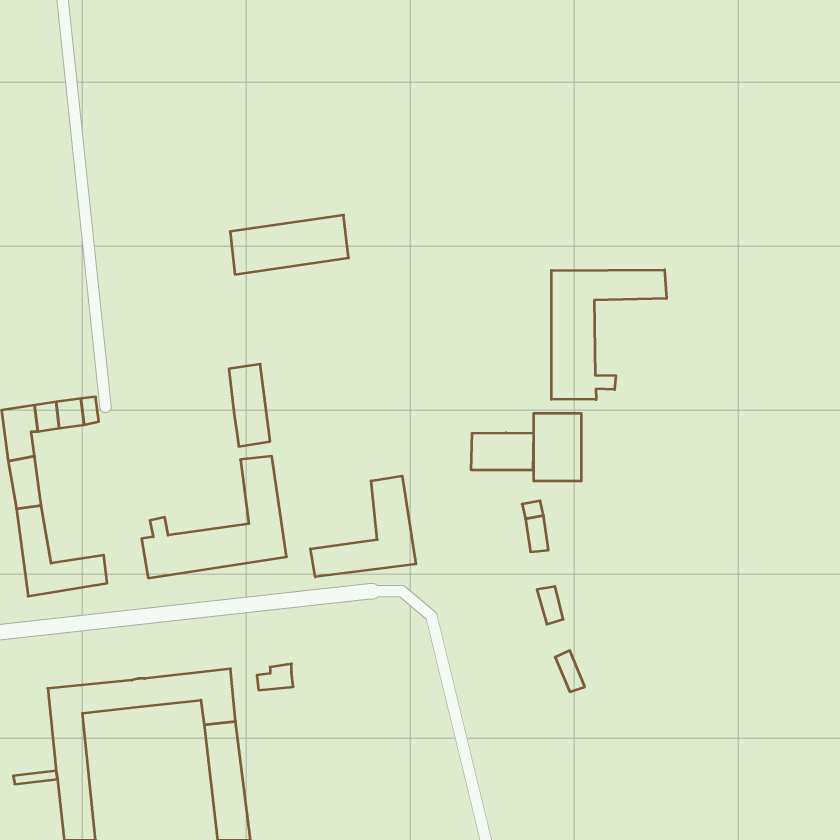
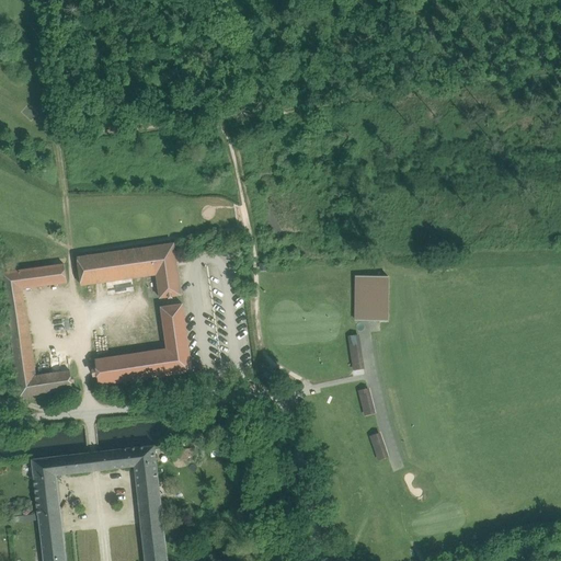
building: [230,215,349,274] -> [77,245,156,285]
building: [551,270,666,400] -> none
building: [471,433,534,470] -> none
building: [310,476,416,577] -> none

